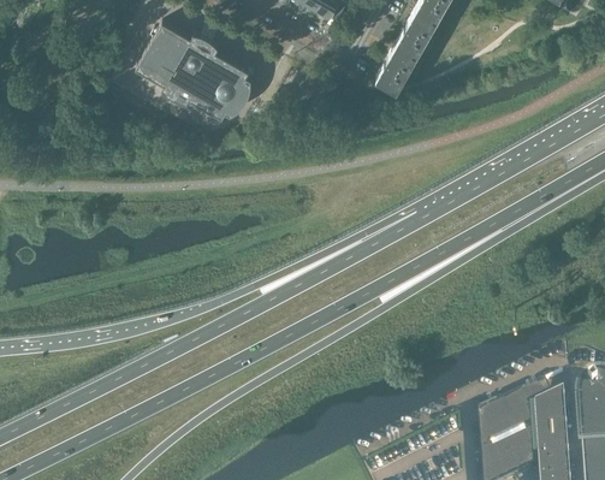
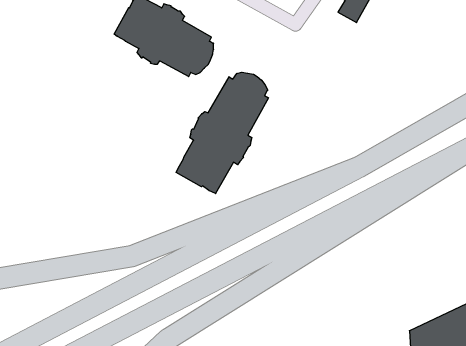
building: [375,46,417,93] -> none
building: none -> [176,72,268,194]

